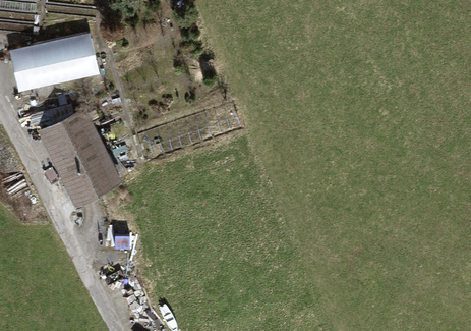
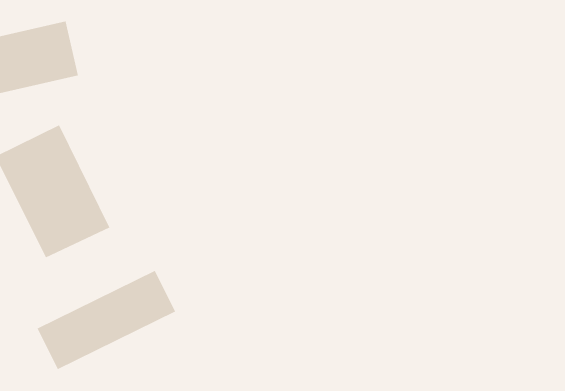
building: none -> [37,270,176,370]

